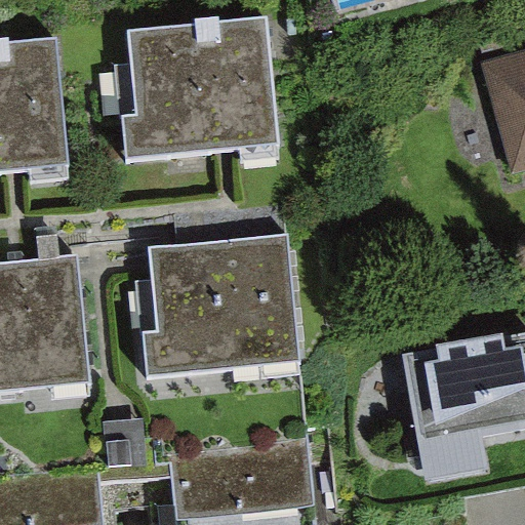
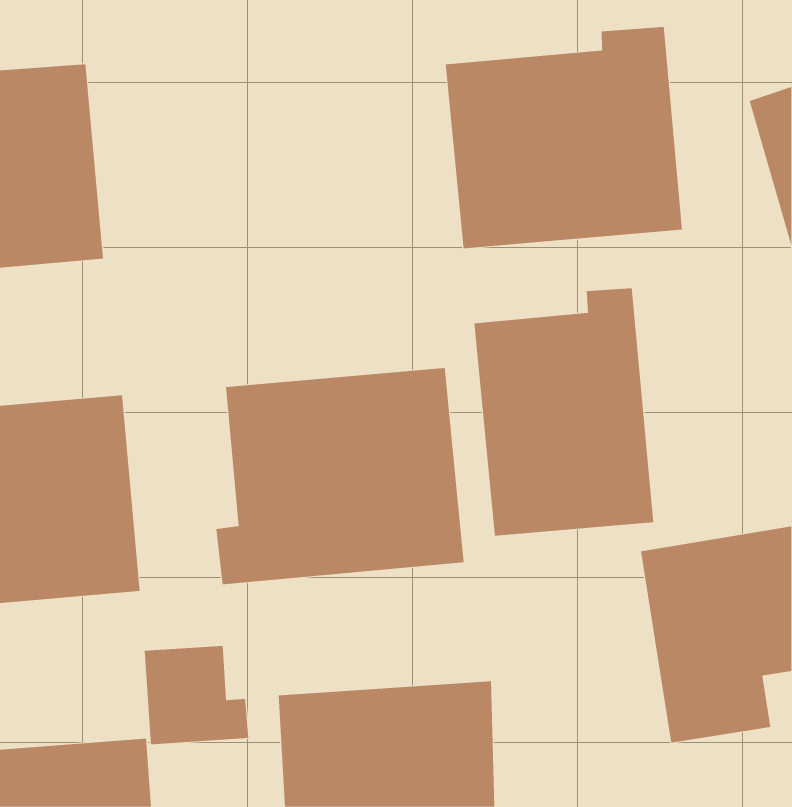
building: none -> [445,26,683,249]
building: [120,22,279,161] -> none
building: none -> [474,287,654,536]

